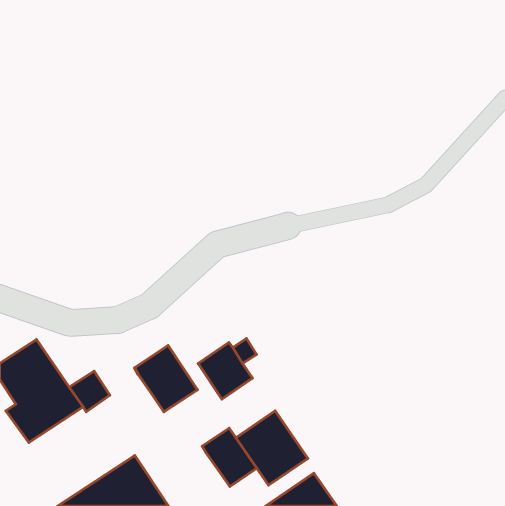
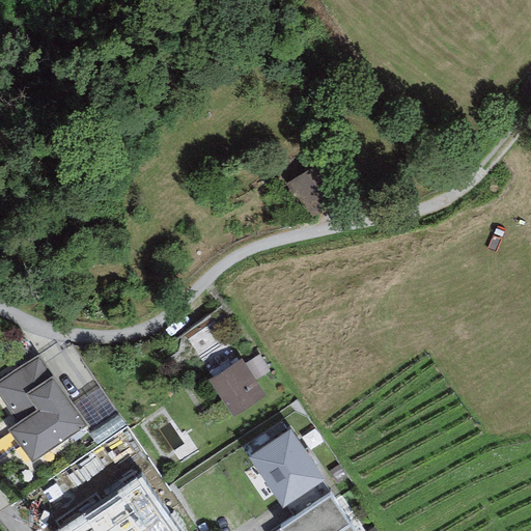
building: none -> [283,166,335,218]
building: [134,346,198,412] -> none
building: [202,428,257,486] -> none

